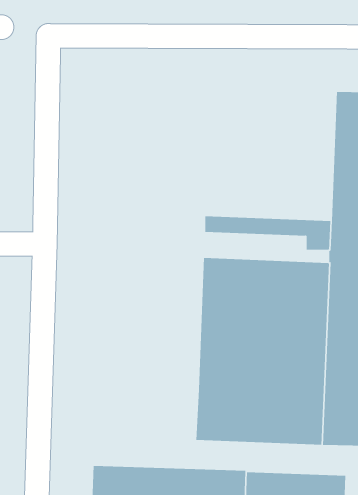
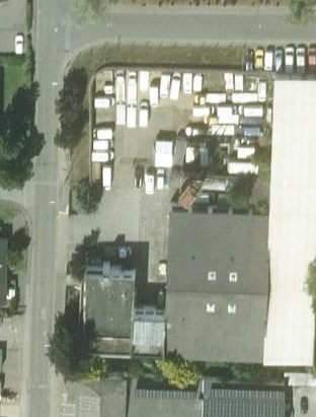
building: none -> [82,269,165,357]

